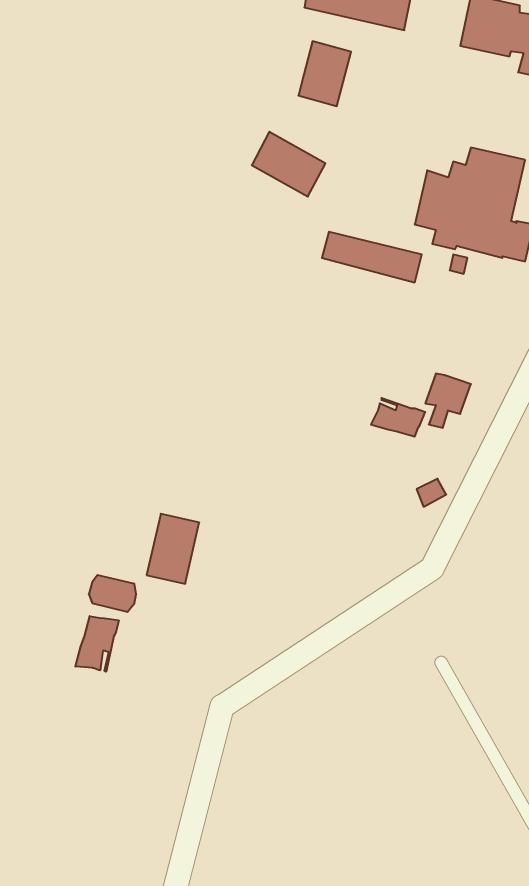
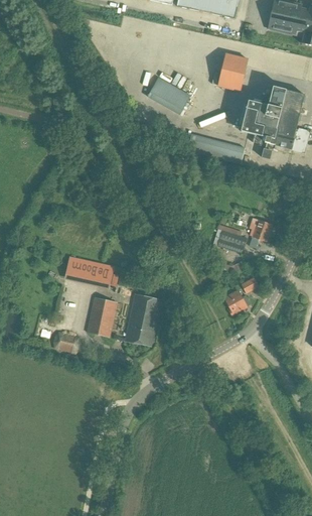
building: [298,41,351,106] -> [217,52,248,90]
building: none -> [64,255,115,287]
building: none -> [224,289,251,315]
building: none -> [125,293,161,345]
building: [75,616,119,672] -> none

